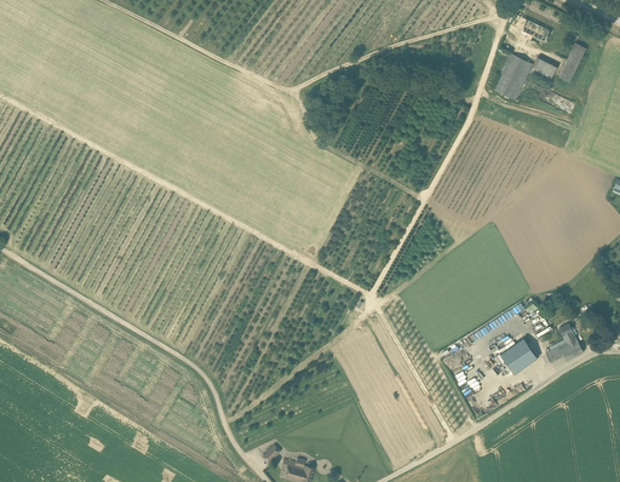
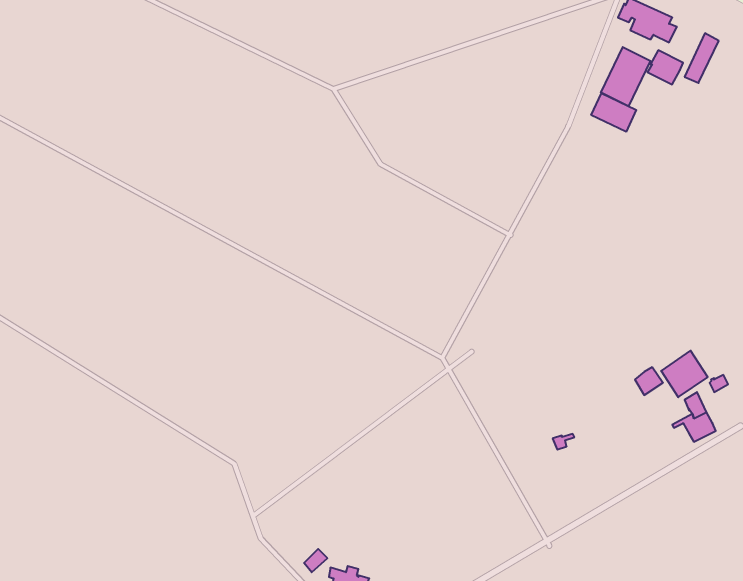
building: none -> [591,93,636,132]
building: [500,338,536,374] -> [661,351,708,397]

